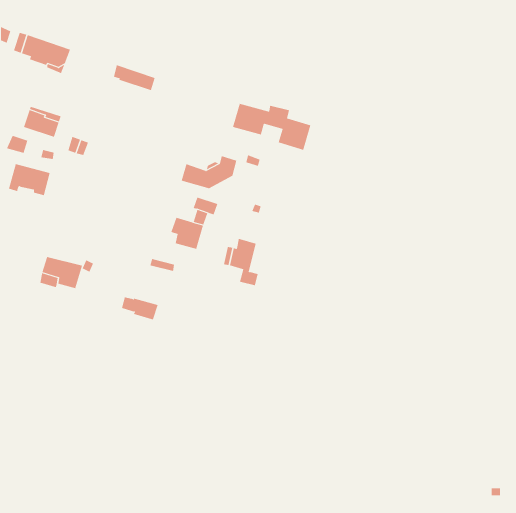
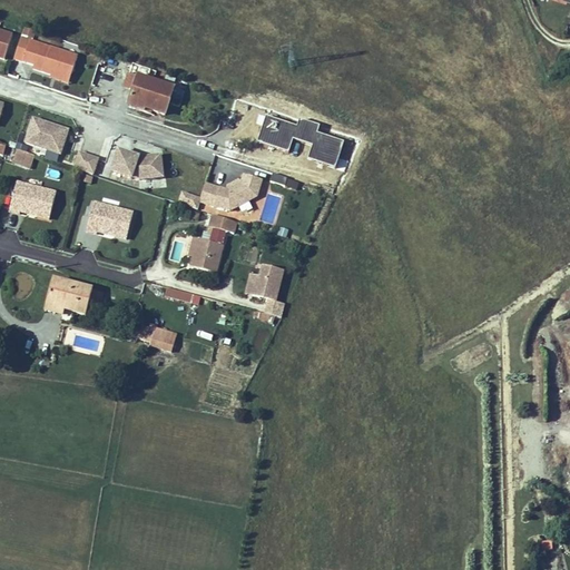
building: none -> [127,88,167,117]
building: none -> [111,148,163,177]
building: none -> [87,200,134,236]

